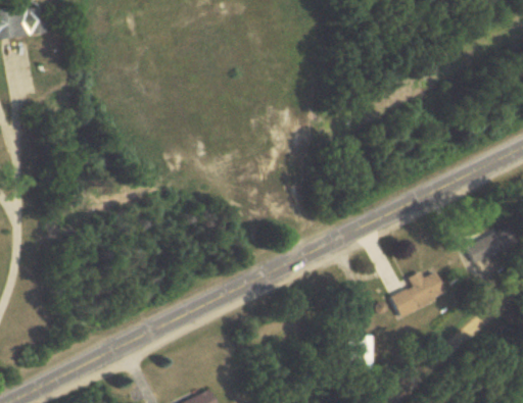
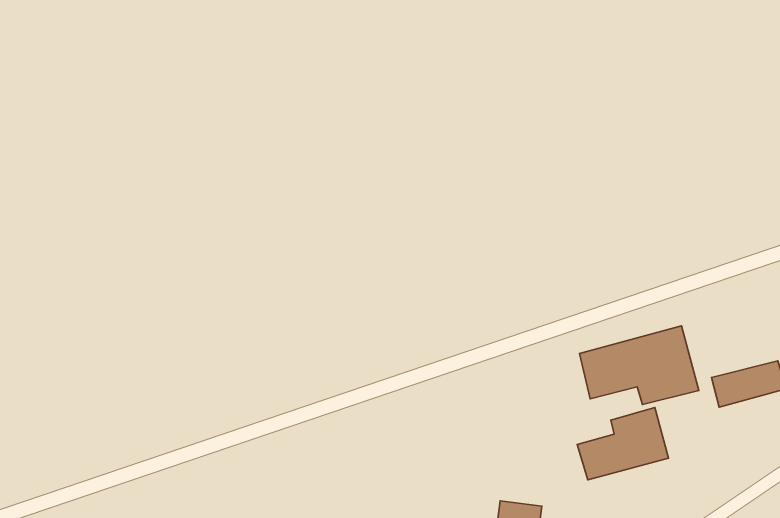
building: none -> [579,326,699,404]

